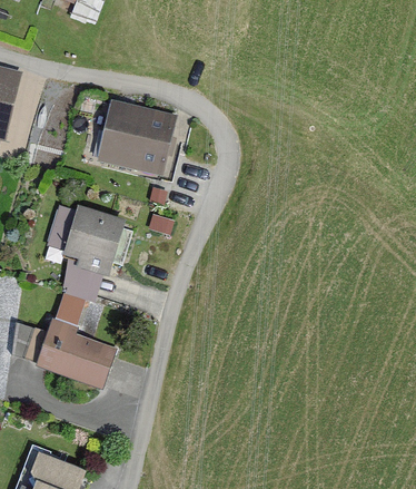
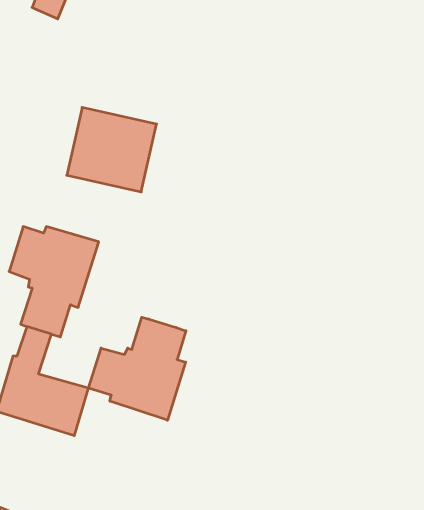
building: none -> [89,317,186,420]

